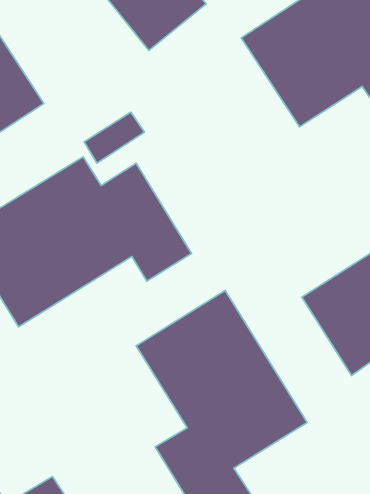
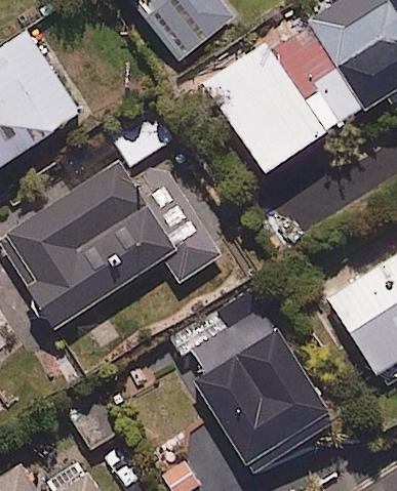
building: none -> [205,44,326,174]

